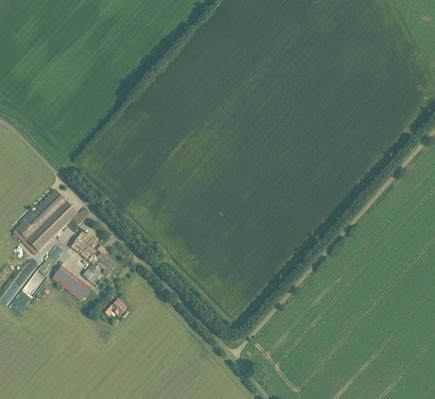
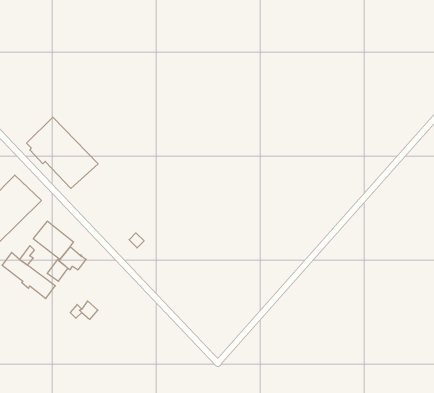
building: none -> [27,117,98,188]

